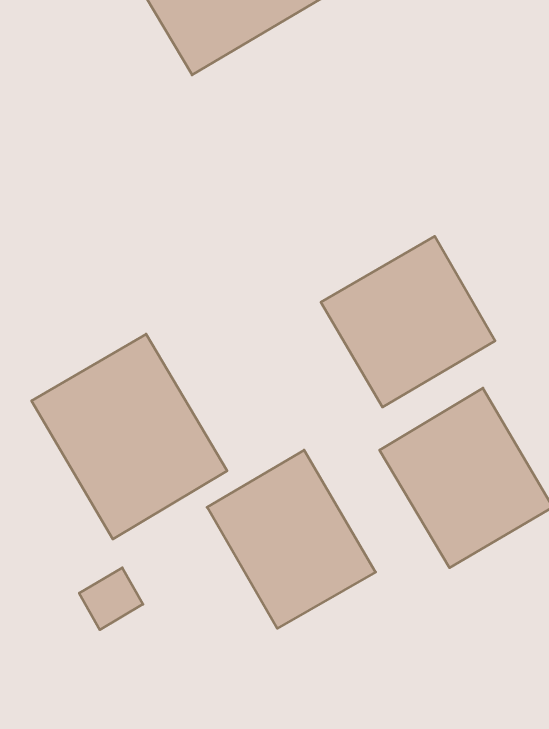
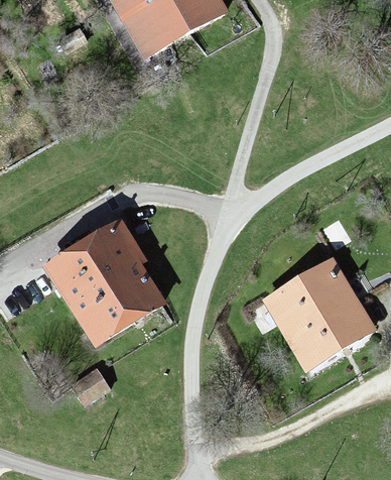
building: [321,236,495,407] -> none
building: [207,450,376,628] -> none

